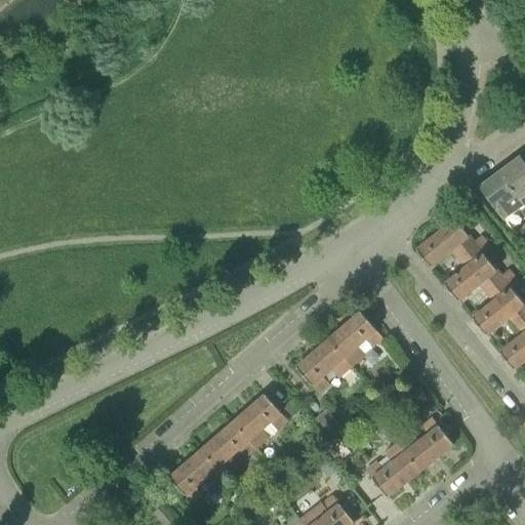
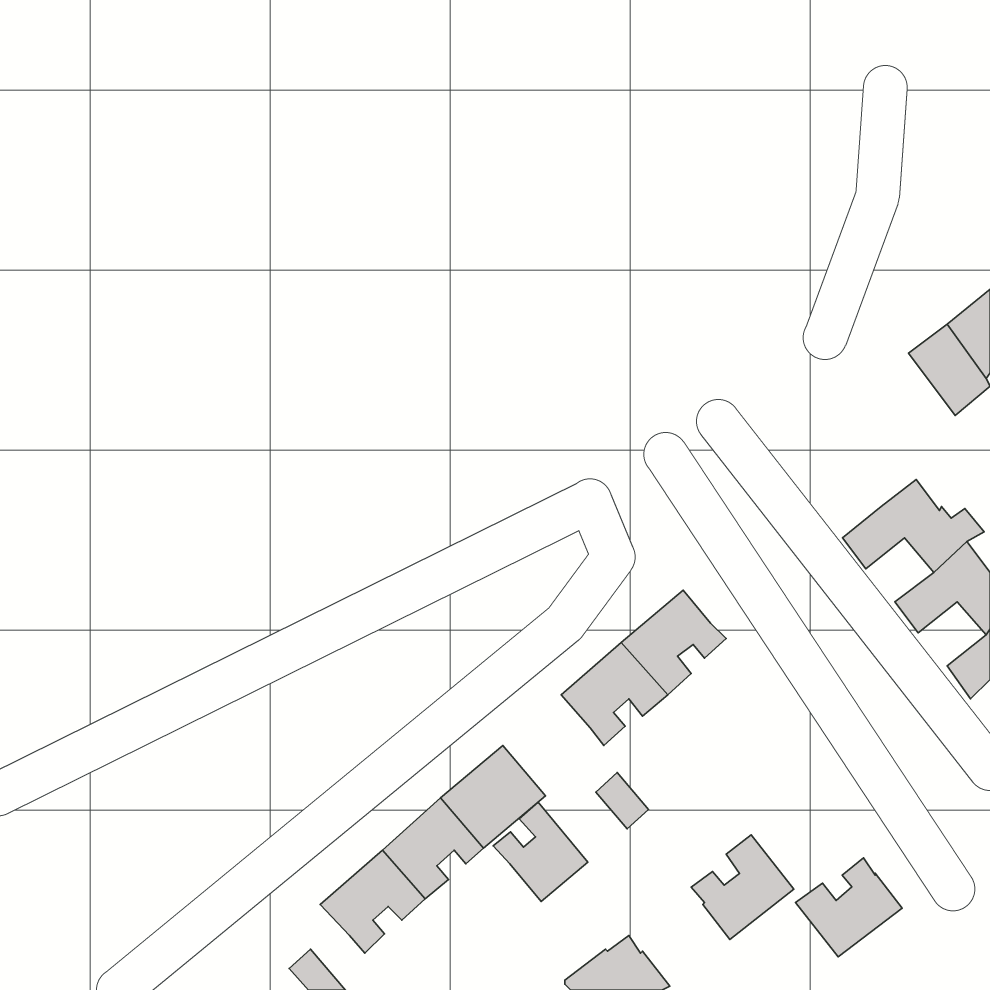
building: [417,219,492,268] -> none
building: [397,417,453,470] -> [795,858,902,957]
building: none -> [493,802,588,901]

